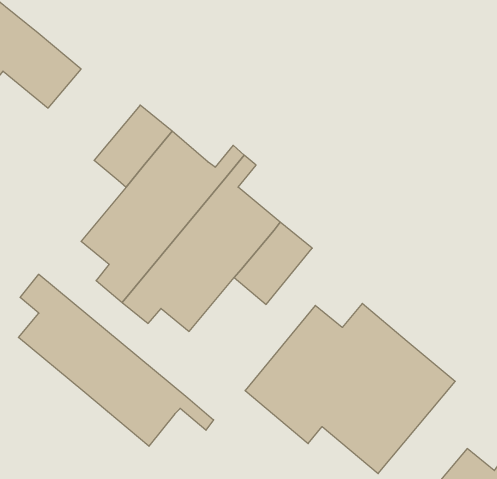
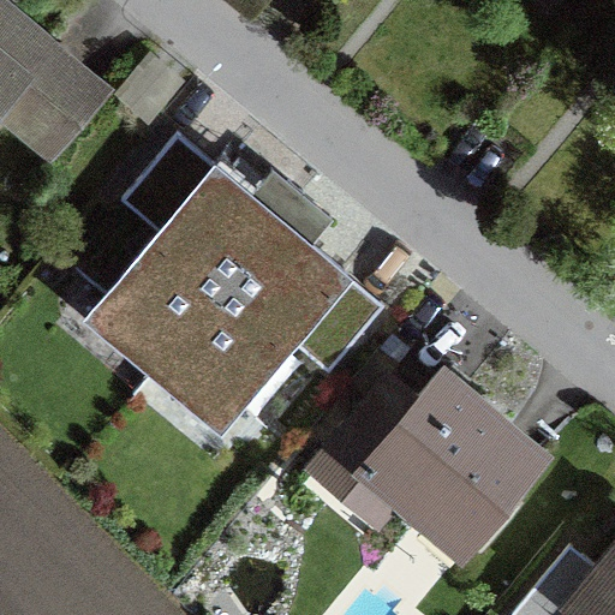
building: [18,274,214,446] -> none

